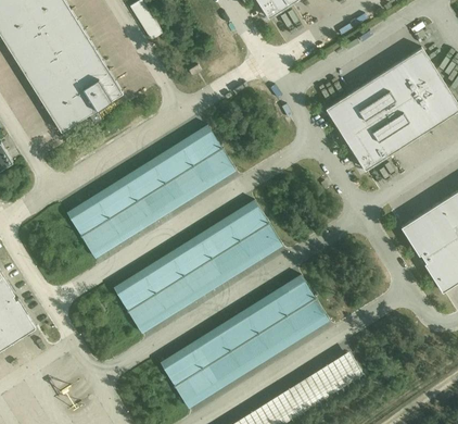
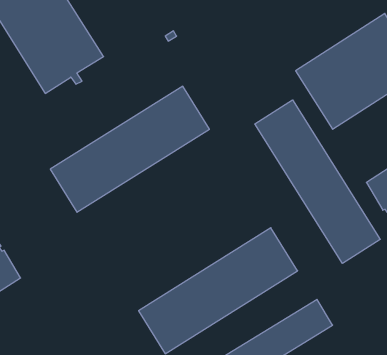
building: none -> [255,100,380,263]
building: [114,200,282,334] -> none

